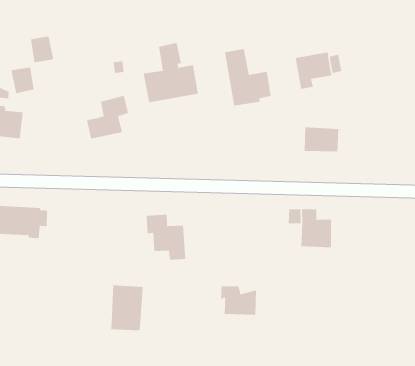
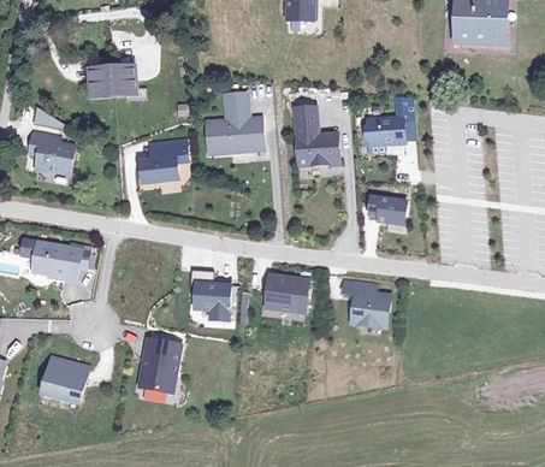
building: [11,67,34,94] -> [111,67,134,94]
building: [220,286,257,315] -> [266,274,306,309]
building: none -> [43,357,87,398]

